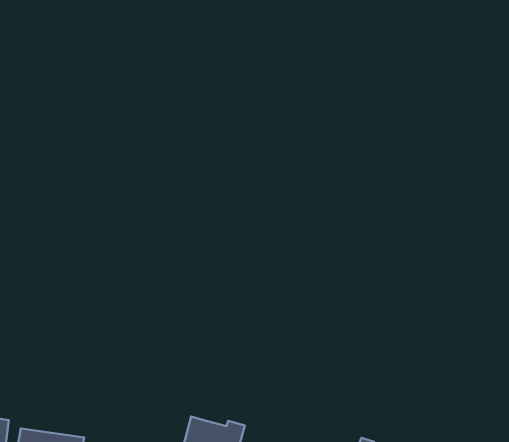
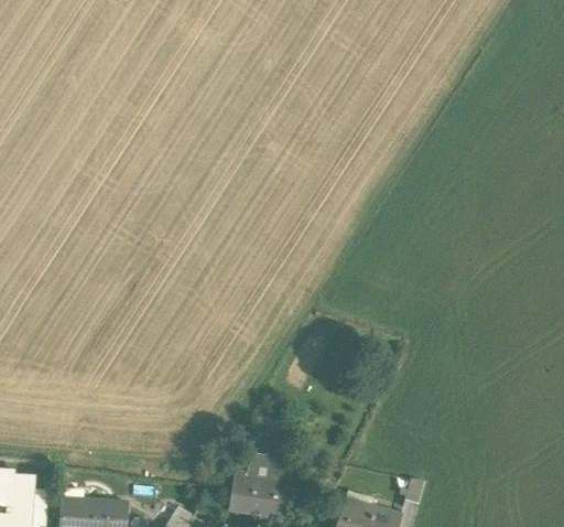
building: none -> [246,451,294,478]

